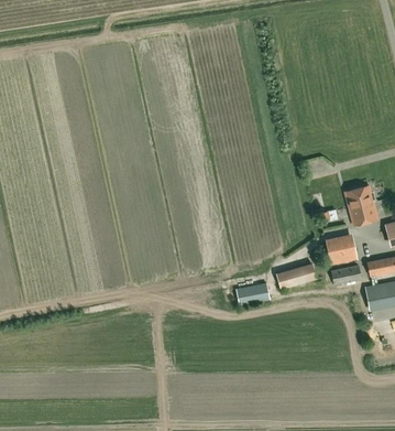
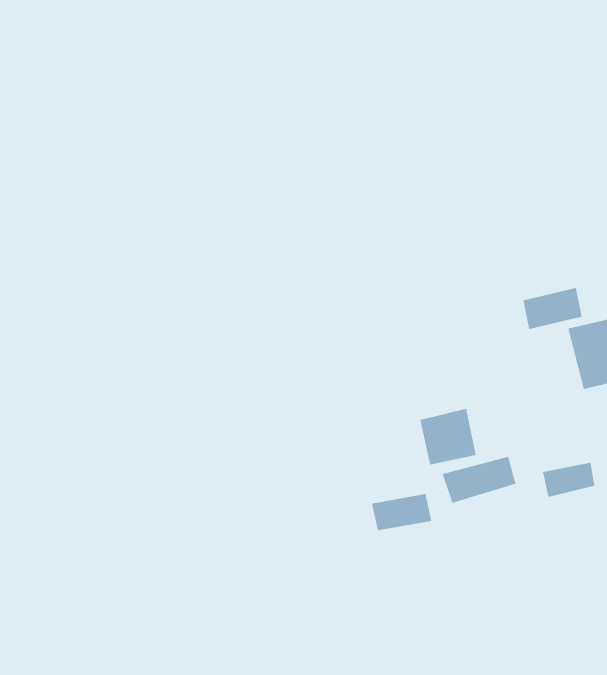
building: none -> [523,287,582,330]
building: [323,233,355,265] -> [420,408,477,465]

